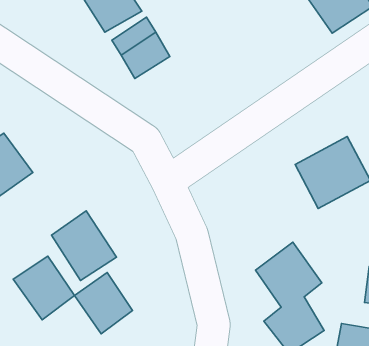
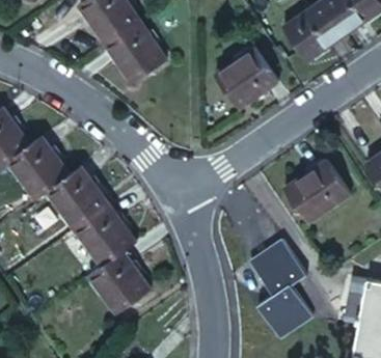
building: none -> [229,40,287,97]
building: [13,256,75,320] -> [38,170,93,227]

